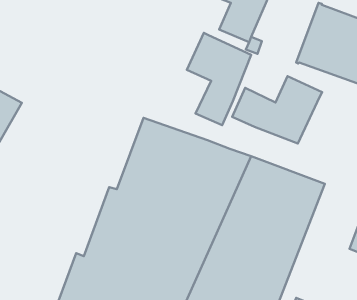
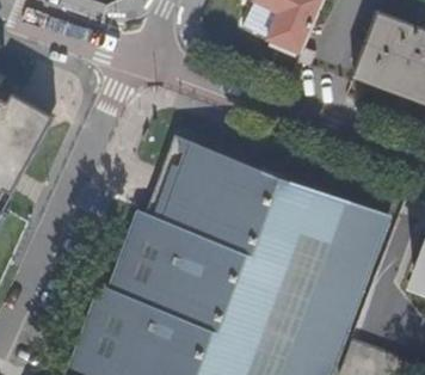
building: [187,33,251,125] -> none
building: [232,76,322,144] -> none

